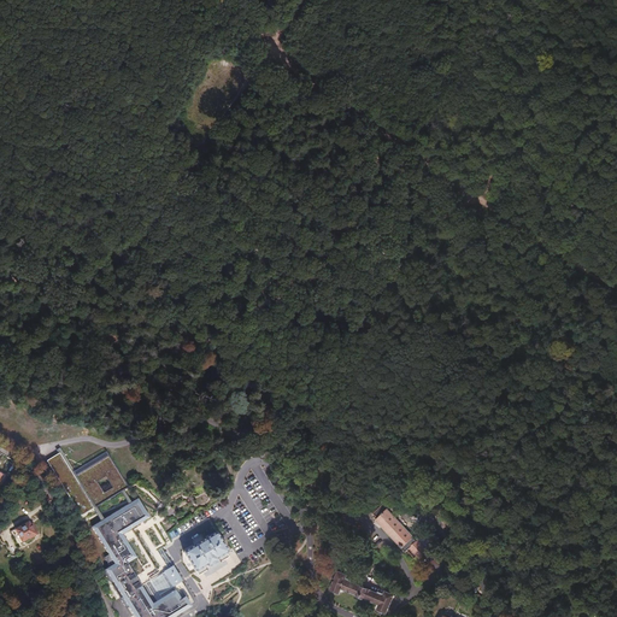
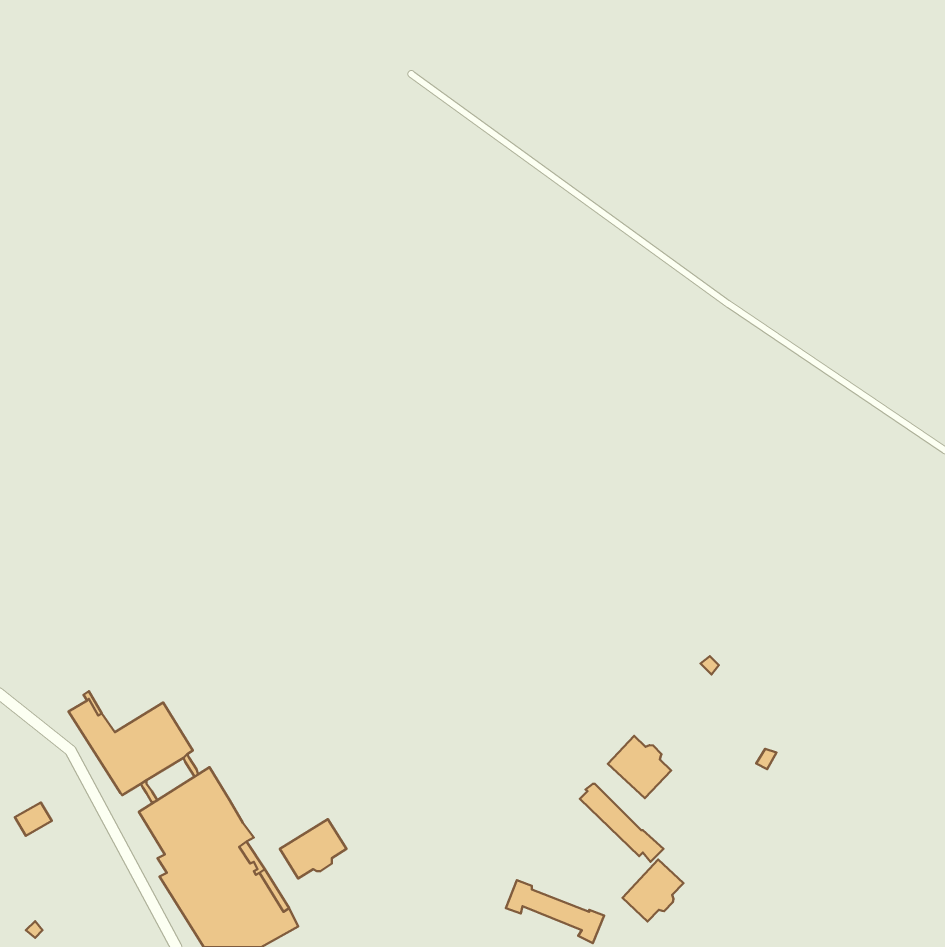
building: none -> [608,736,671,798]
building: none -> [622,859,683,922]

